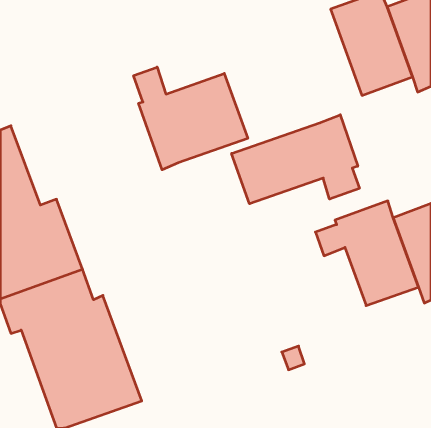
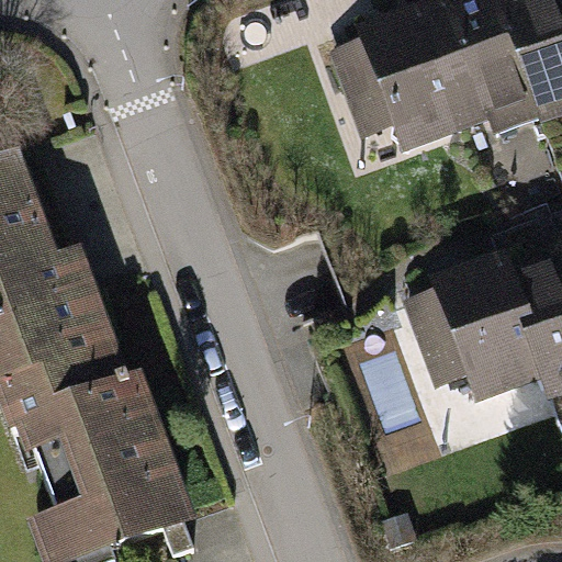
building: none -> [336,12,471,149]
building: [134,67,248,170] -> none
building: [232,115,359,204] -> none

